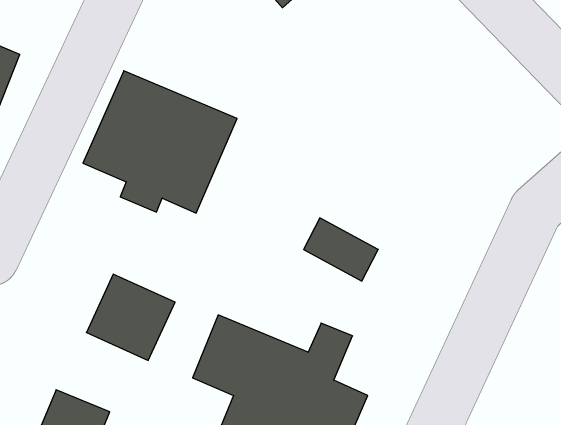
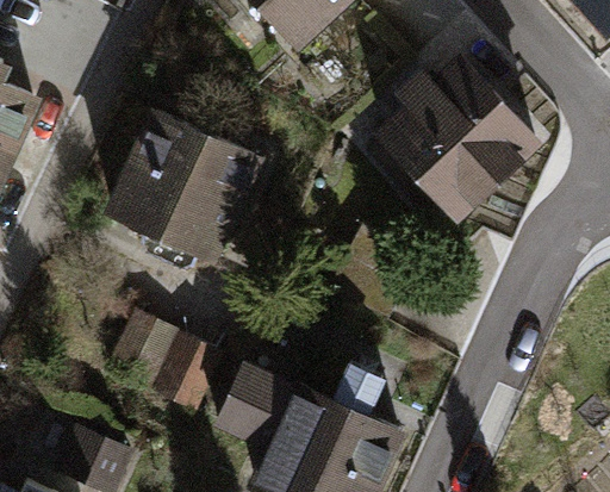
building: none -> [382,60,543,220]

